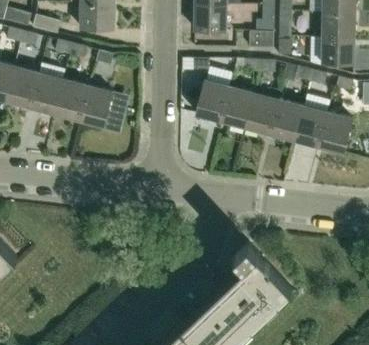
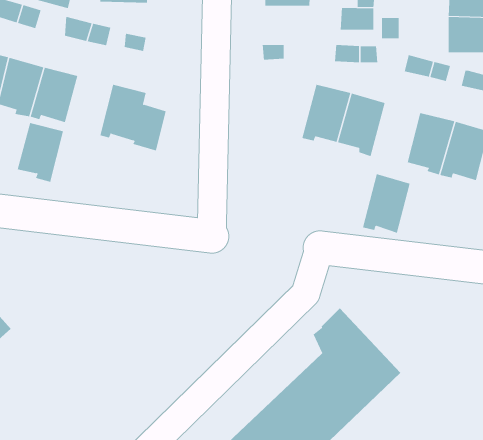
building: [198,79,232,124] -> none
building: [56,80,89,122] -> [17,123,64,182]
building: [271,99,305,141] -> [362,174,410,233]

